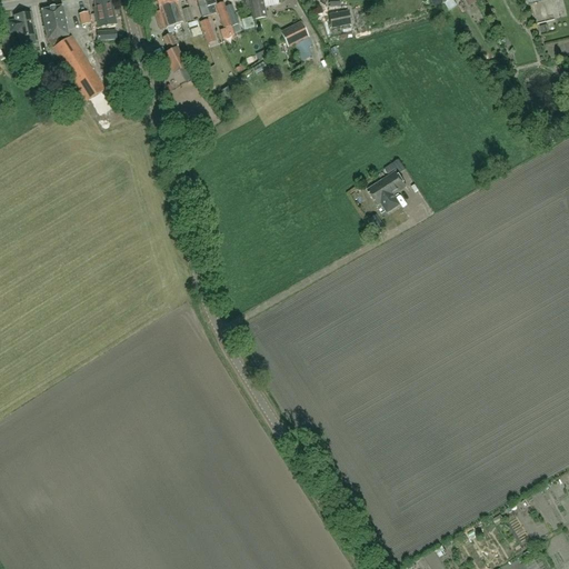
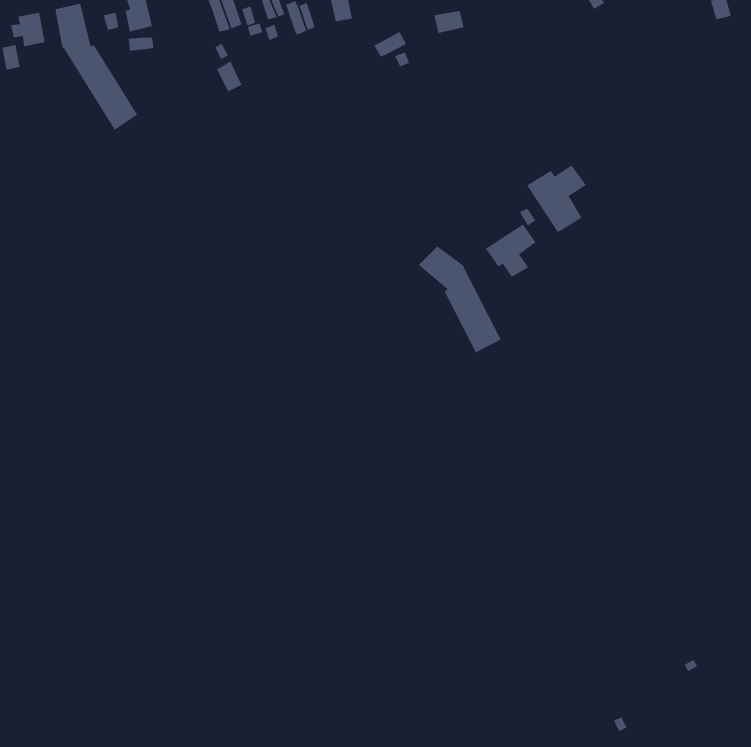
building: none -> [526,165,587,233]
building: none -> [418,245,502,353]

